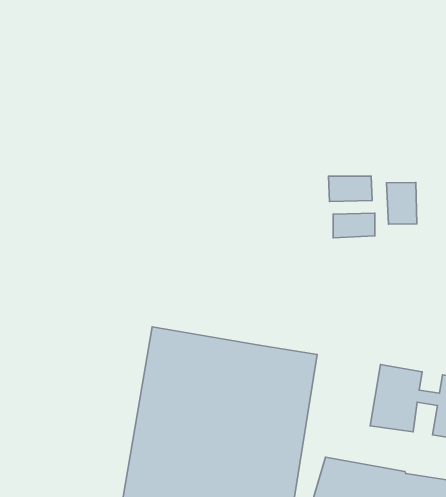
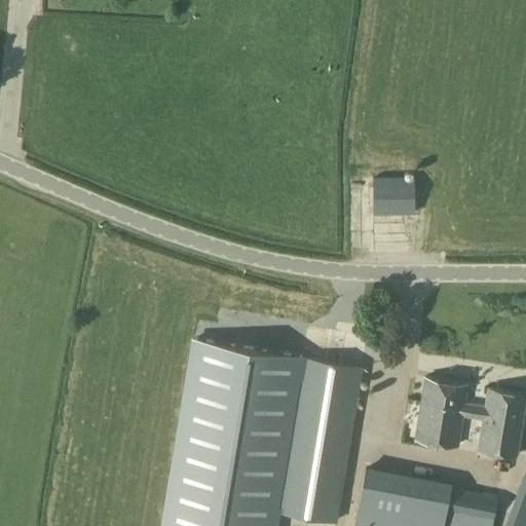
building: [386,183,417,224] -> none
building: [333,213,375,238] -> none

